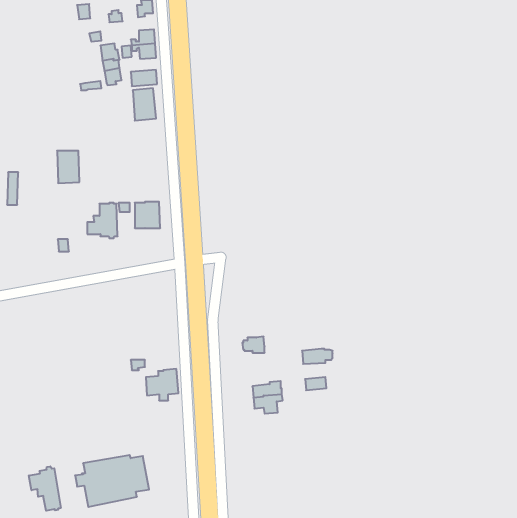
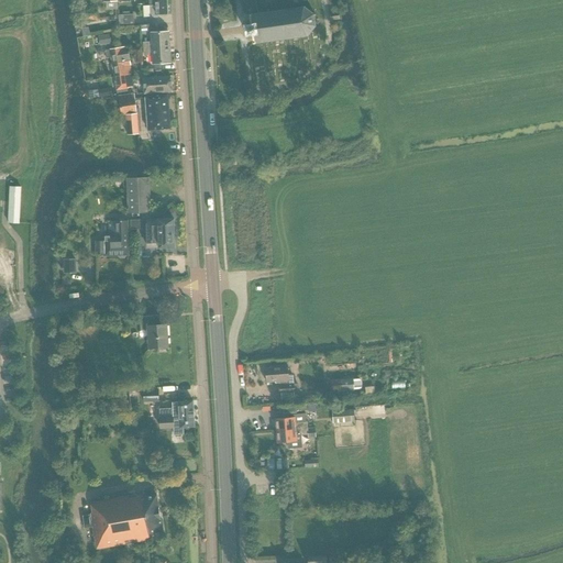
building: none -> [244,7,314,43]
building: none -> [117,93,137,134]
building: [57,151,79,183] -> [125,178,150,213]
building: none -> [139,314,167,350]
building: [29,466,61,511] -> none

